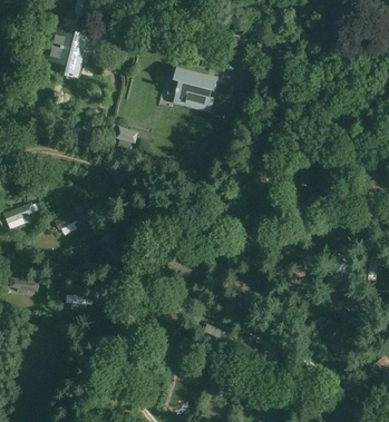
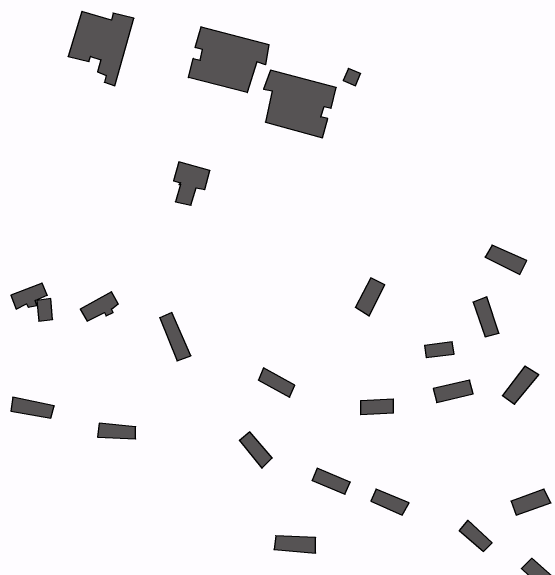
building: none -> [188,27,269,93]

